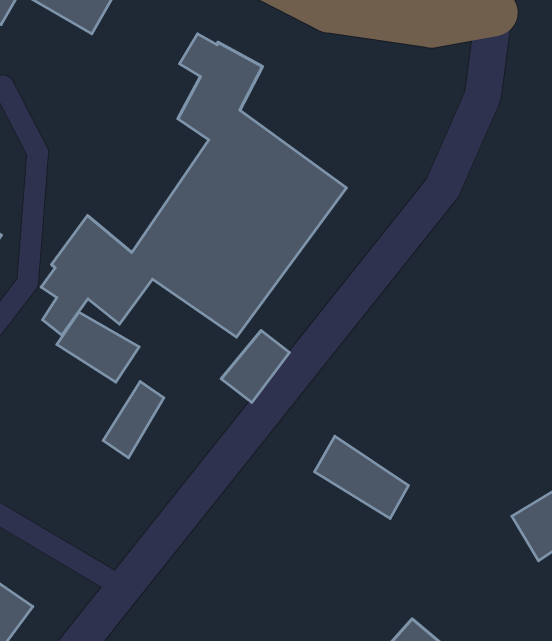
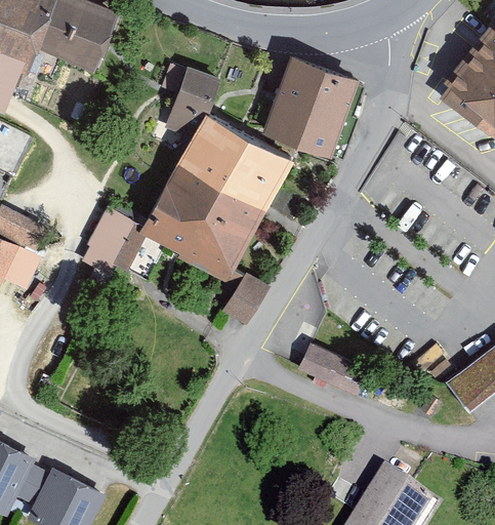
building: none -> [261,55,359,158]
building: [57,312,139,382] -> none
building: [103,382,164,458] -> none

